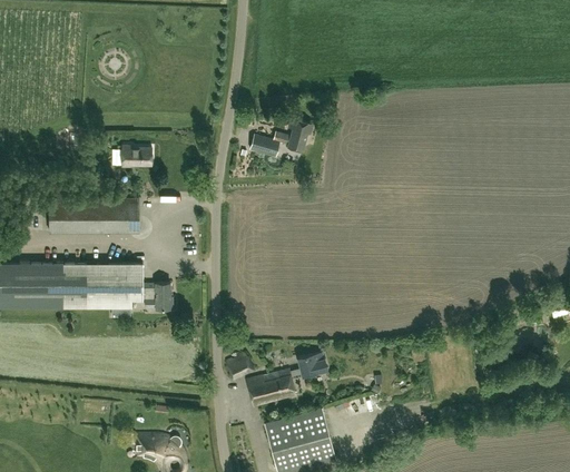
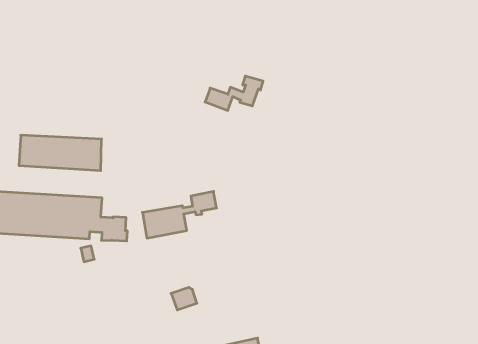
building: [121,147,151,168] -> none
building: [246,352,327,407] -> [142,191,217,238]

